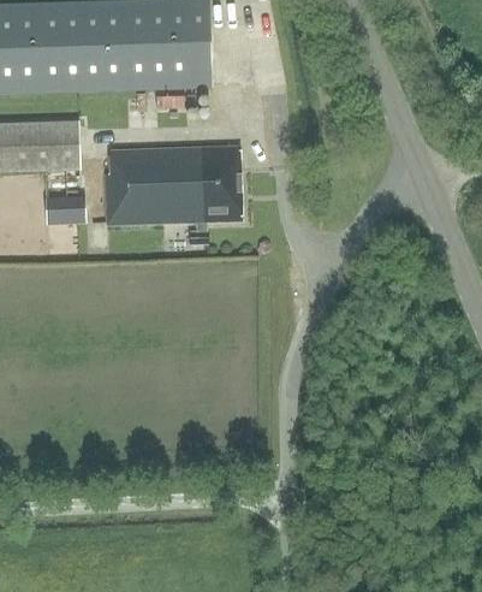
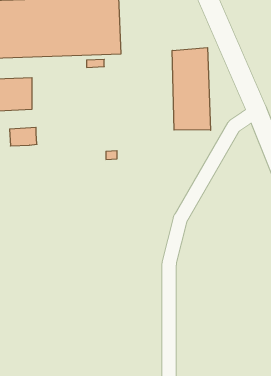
building: none -> [172,48,211,130]
building: [105,146,240,224] -> none

